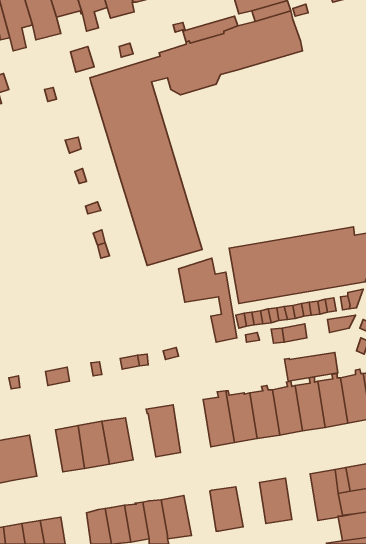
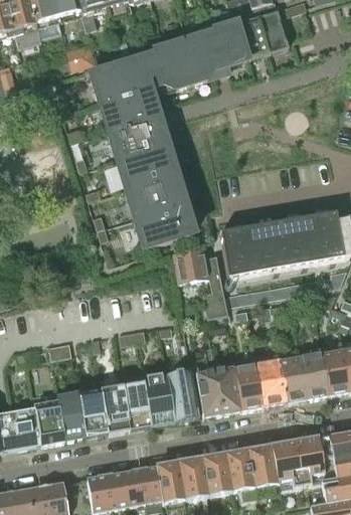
building: [284,352,338,381] -> none
building: none -> [168,373,199,421]
building: none -> [124,385,152,428]
building: none -> [34,396,65,444]
building: none -> [273,442,303,489]
building: none -> [226,450,256,500]
building: none -> [178,458,208,499]

